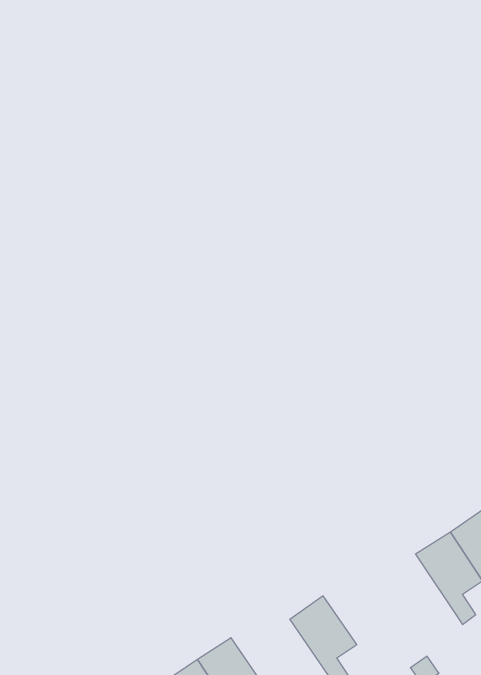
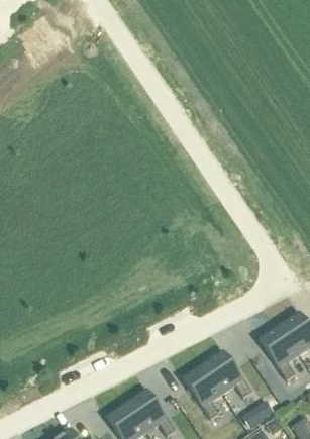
building: none -> [203,350,251,398]

